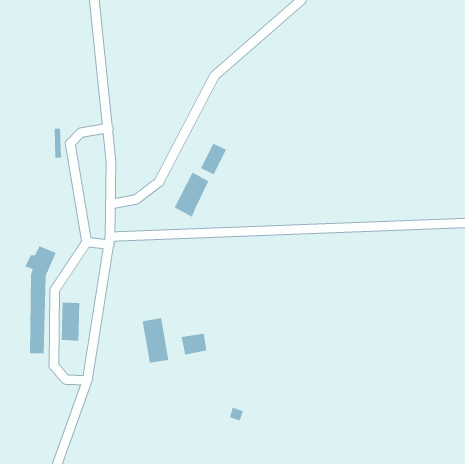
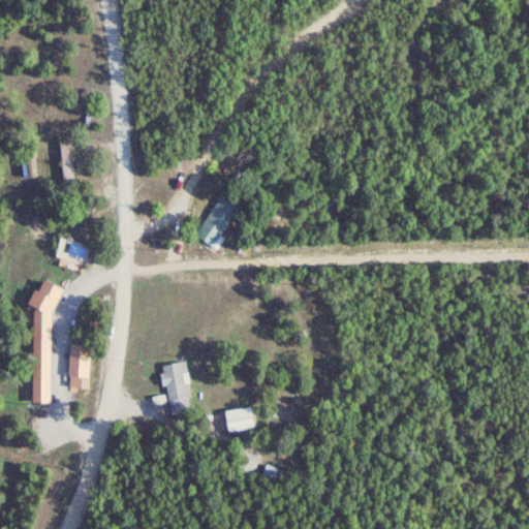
building: [200,143,227,175] -> none
building: [181,333,207,355] -> [223,406,253,431]

